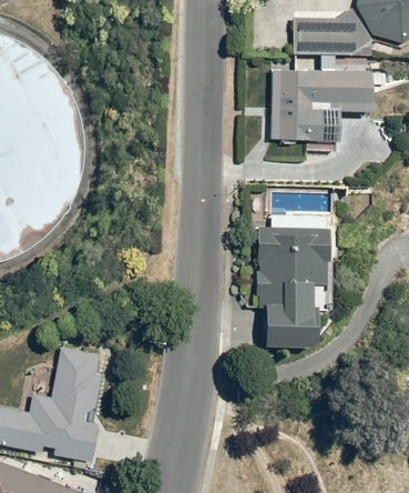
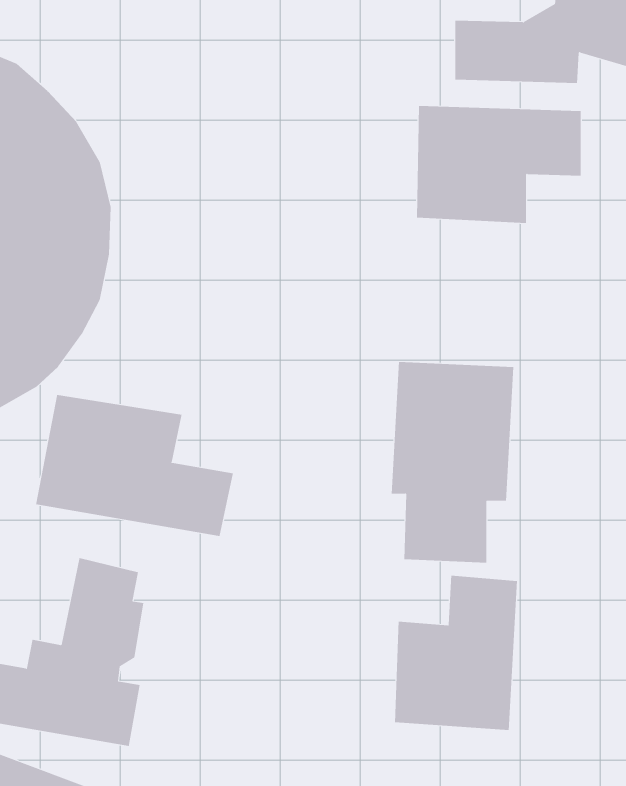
building: none -> [35,394,234,537]
building: none -> [394,575,517,731]

